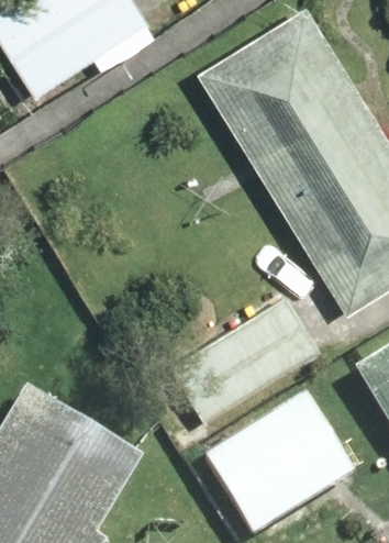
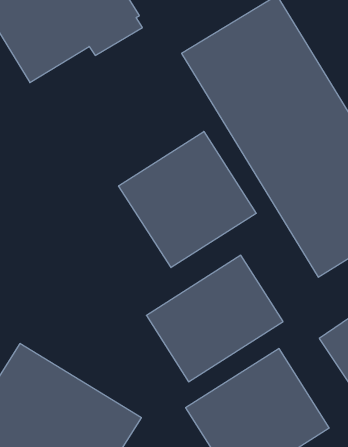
building: none -> [119,131,256,268]

